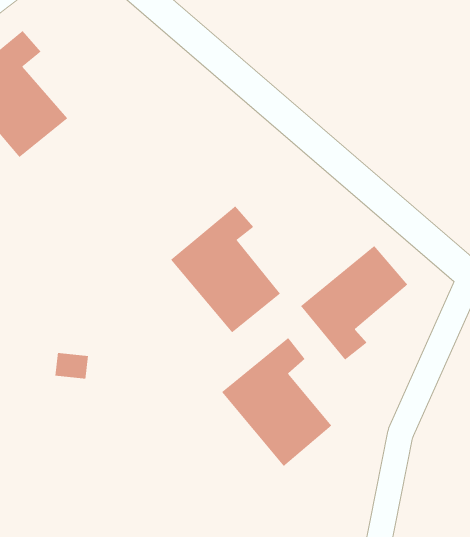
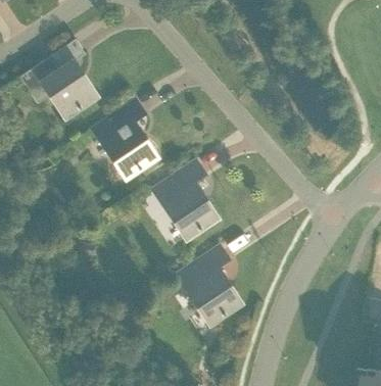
building: none -> [92,101,158,181]
building: [300,245,408,360] -> none

